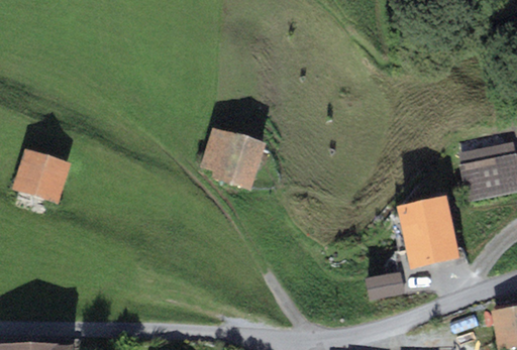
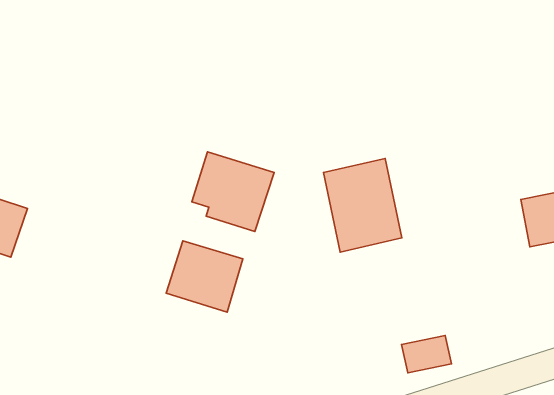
building: [396,193,457,266] -> [323,158,402,252]
building: none -> [166,241,243,312]

